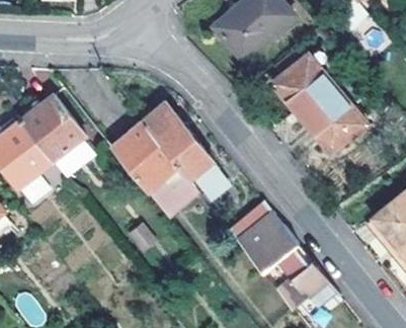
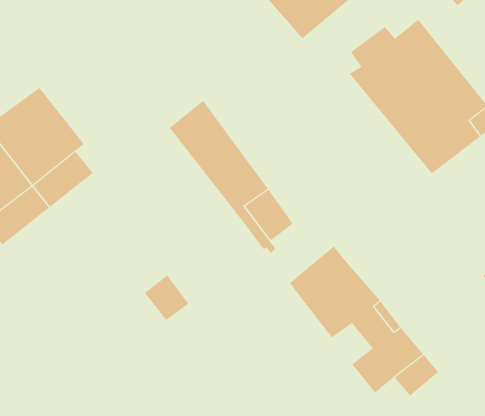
building: [114,119,199,213] -> none

